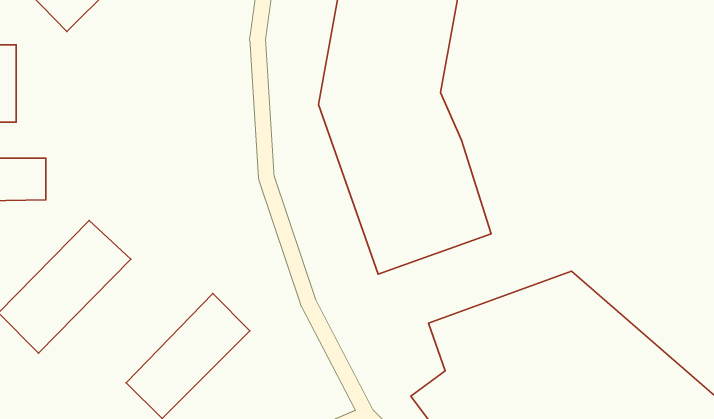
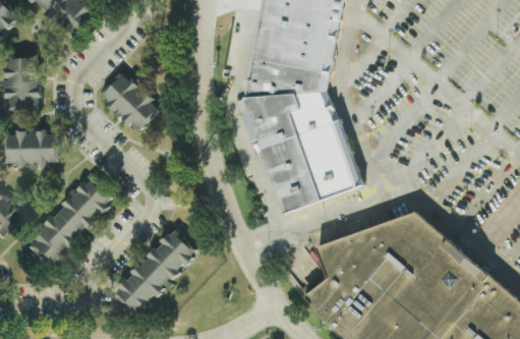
building: none -> [101,71,163,132]

